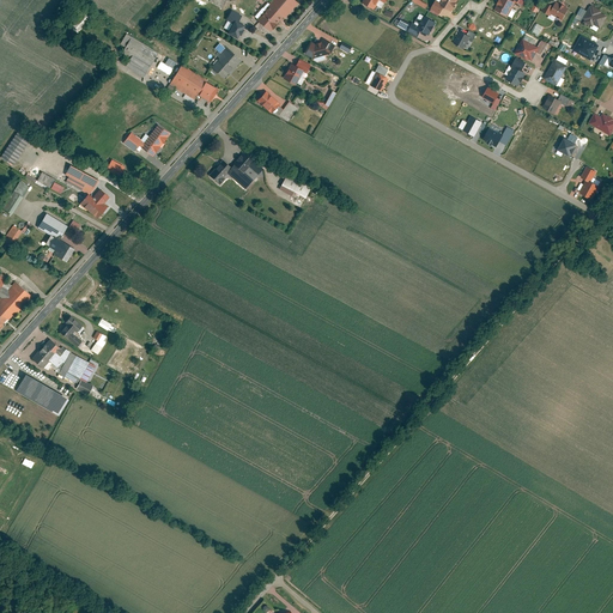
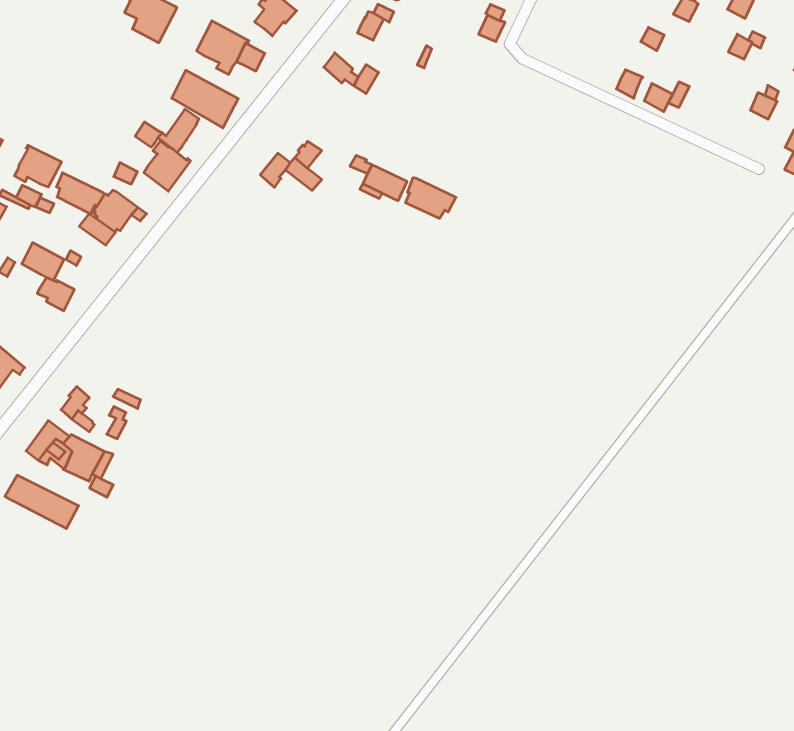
building: none -> [172,70,238,128]
building: none -> [15,145,61,187]
building: none -> [144,141,190,191]
building: none -> [406,178,456,218]

